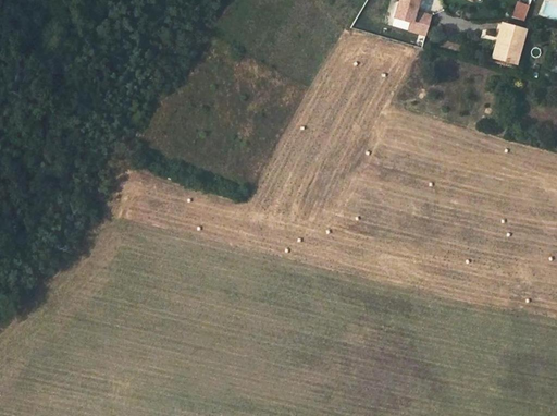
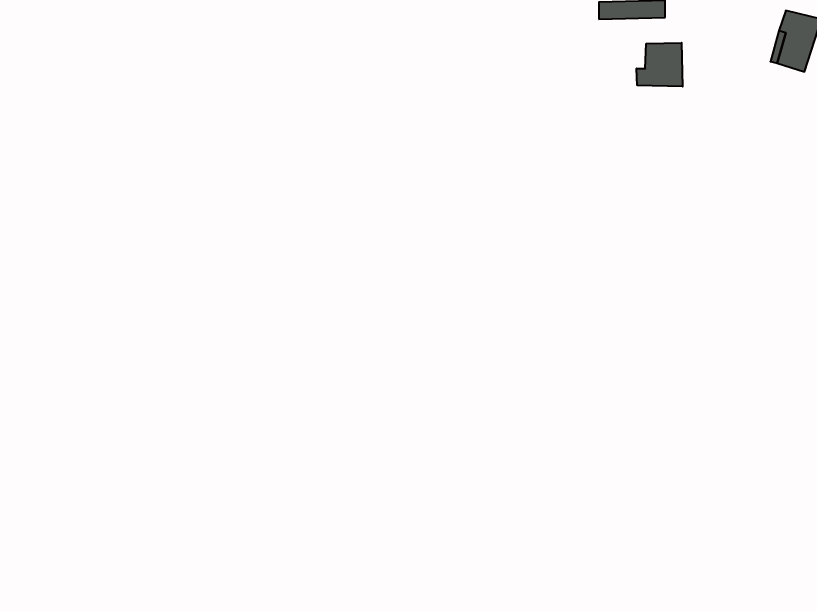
building: none -> [637,43,683,87]

